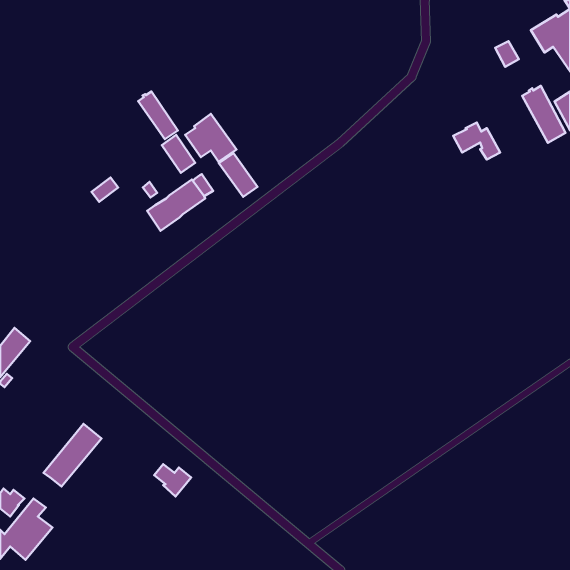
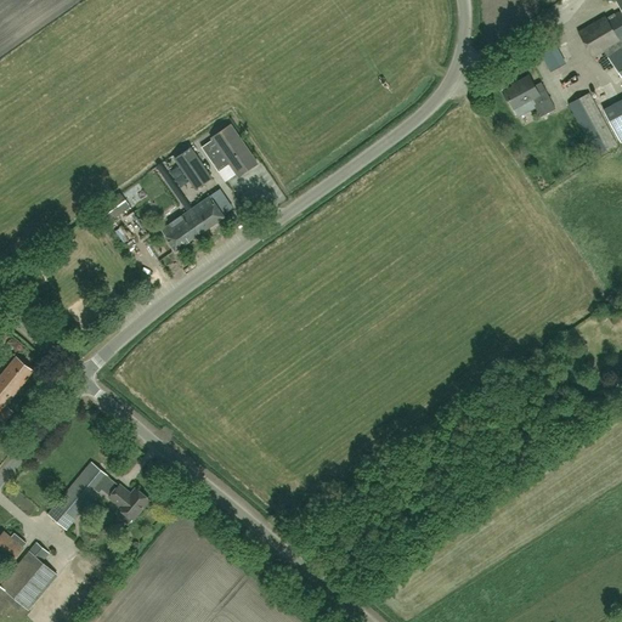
building: [138,92,178,139] -> none
building: [453,123,500,159] -> [504,77,555,117]
building: [219,153,257,197] -> none
building: [154,464,191,496] -> [109,485,149,520]

